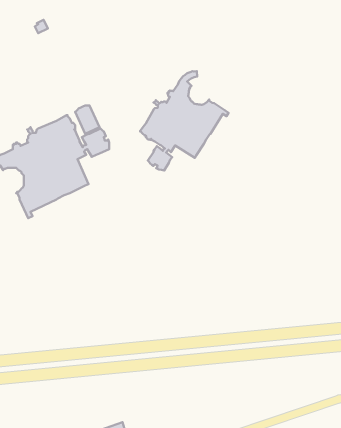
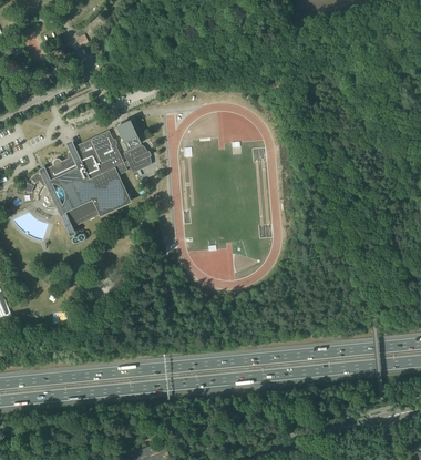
building: [140,71,229,170] -> none

